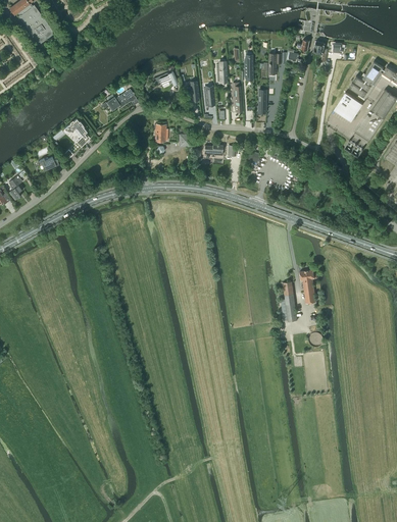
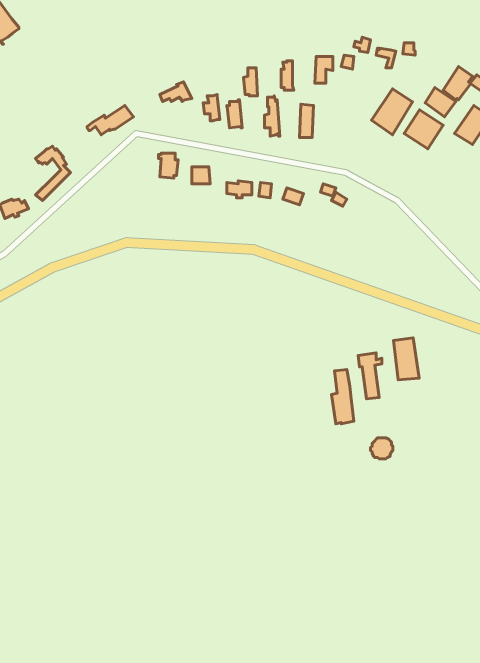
building: none -> [372,89,413,135]
building: none -> [394,338,419,380]

